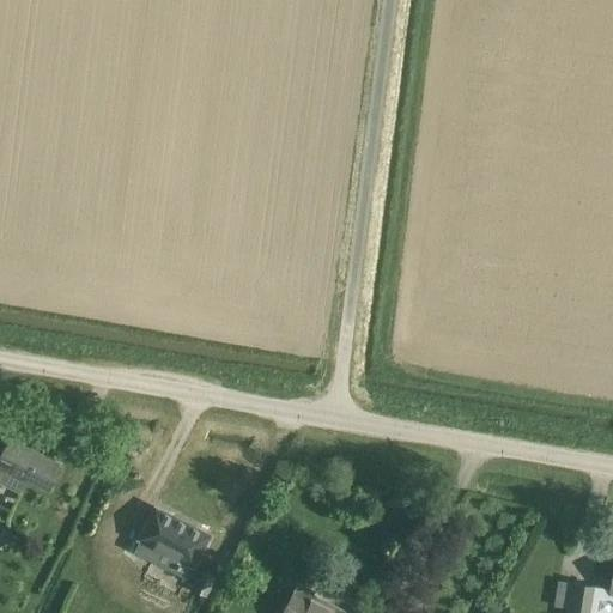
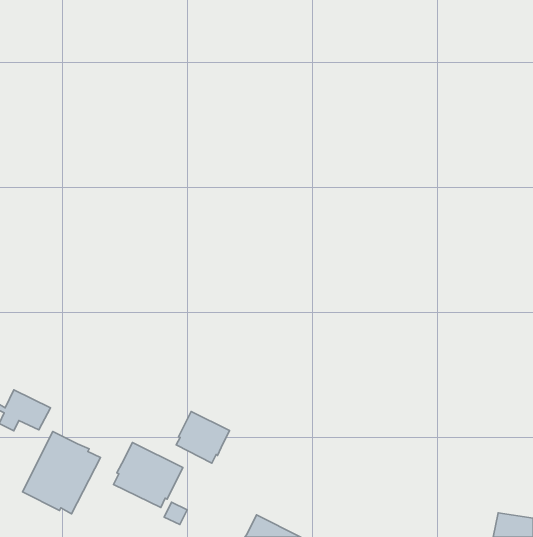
building: none -> [176,411,230,463]
building: none -> [23,431,100,514]

